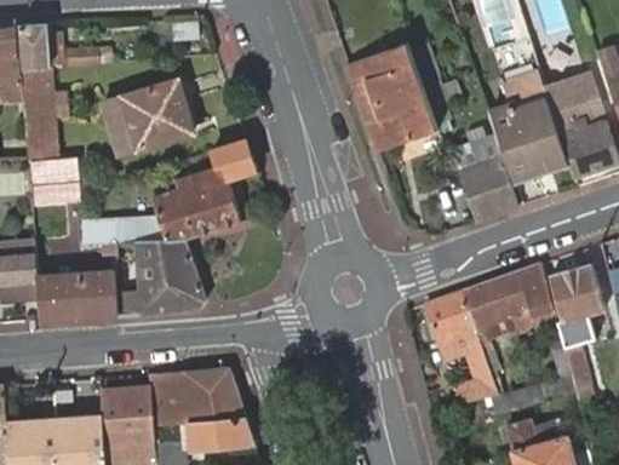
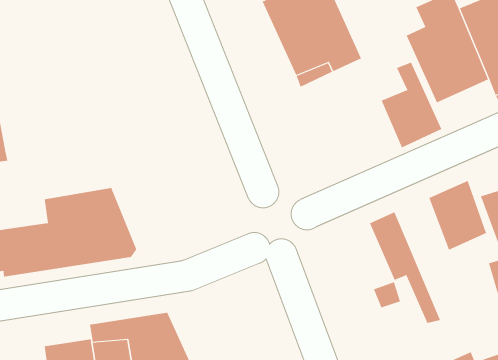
building: [104,80,195,151] -> none
building: [80,143,252,246] -> none
building: [463,275,514,340] -> none

